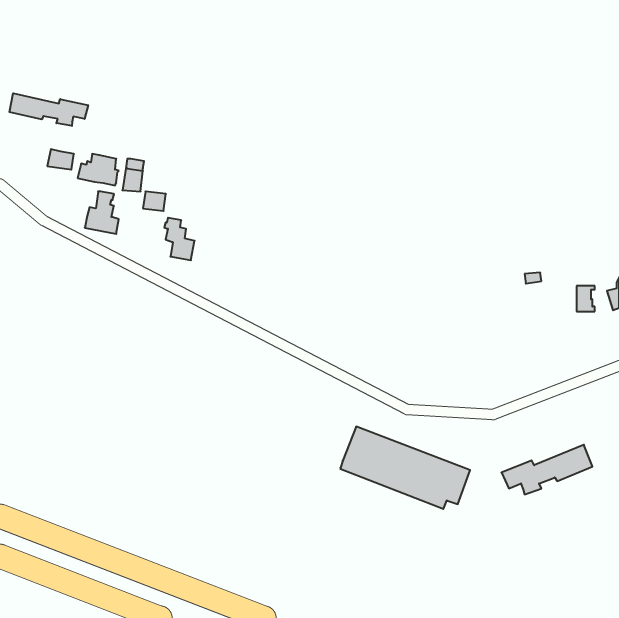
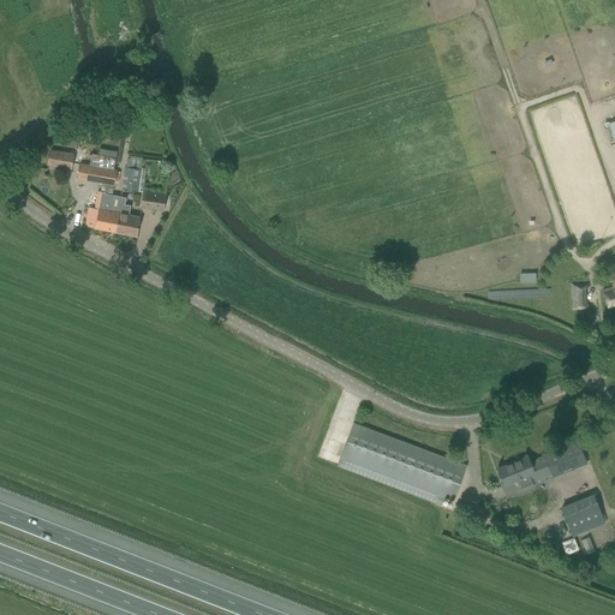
building: [9,93,88,126] -> none
building: [164,218,195,260] -> [109,193,139,235]
building: none -> [561,492,605,537]

